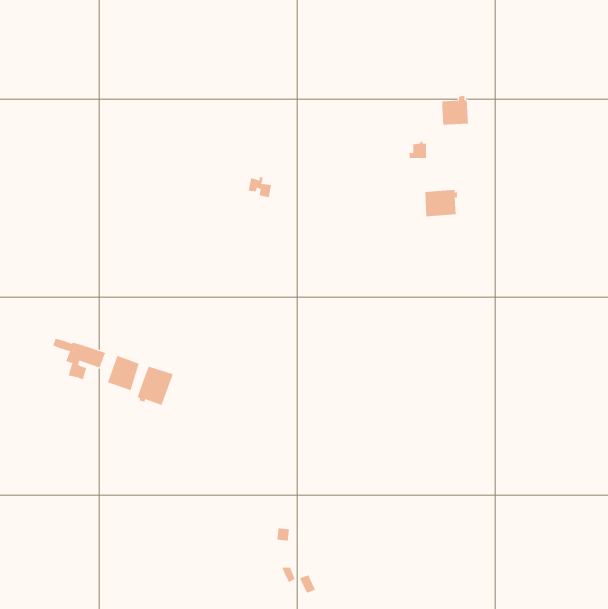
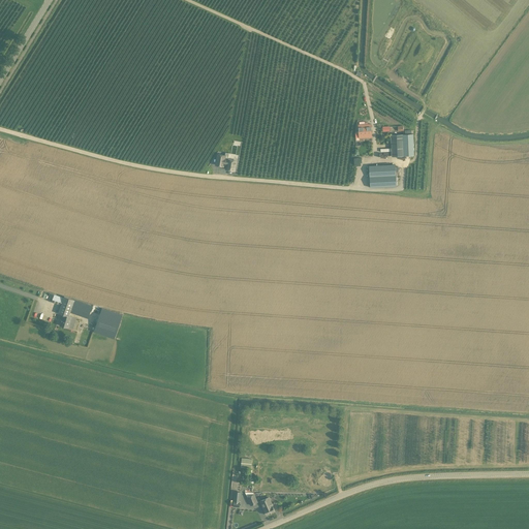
building: [441,95,469,125] -> [390,130,413,156]
building: [137,366,173,406] -> none

